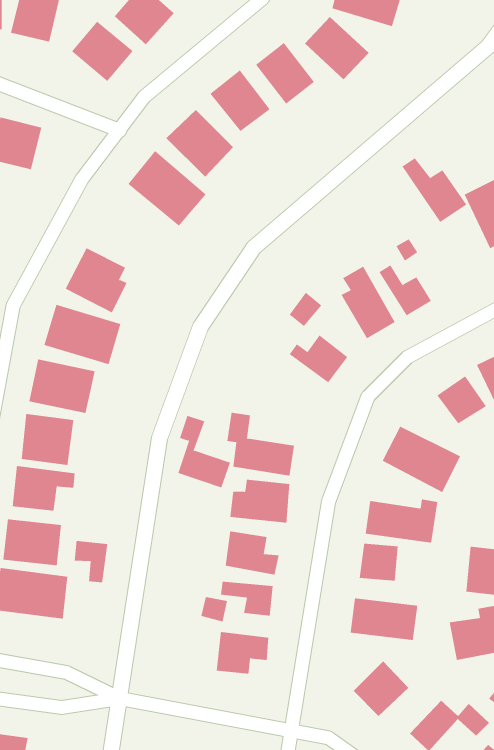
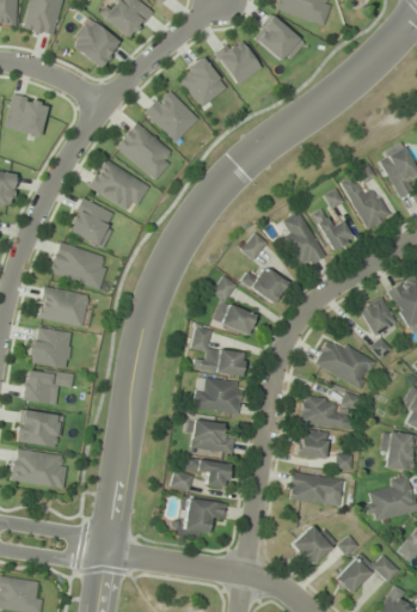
building: [402,157,467,223] -> [339,178,391,230]
building: none -> [87,158,149,214]
building: [178,415,231,488] -> [214,277,256,335]
building: [74,540,108,583] -> none

